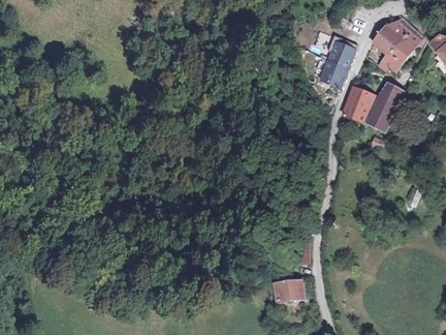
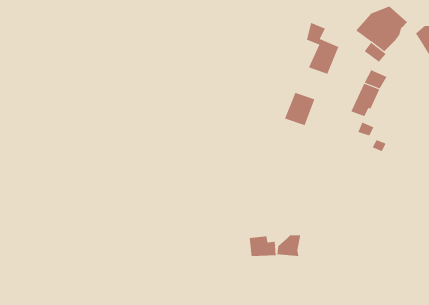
building: [344,86,375,120] -> [284,92,315,126]
building: [275,282,302,303] -> [249,236,277,256]

